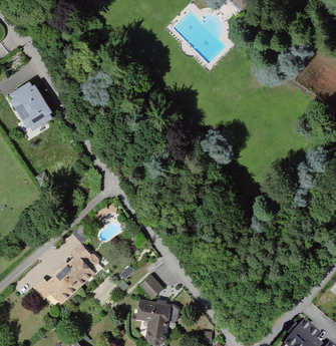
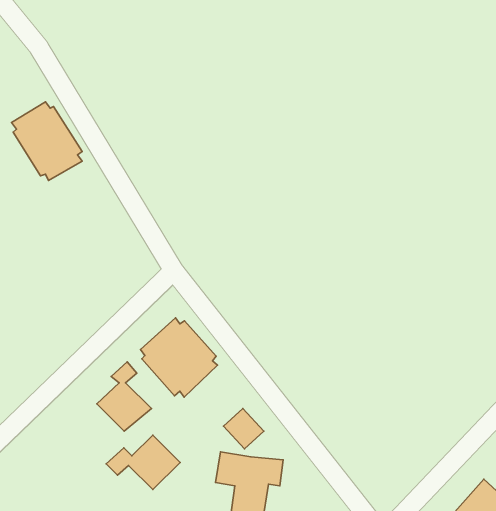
building: none -> [141,318,218,397]
building: [32,269,78,303] -> [106,435,180,490]

